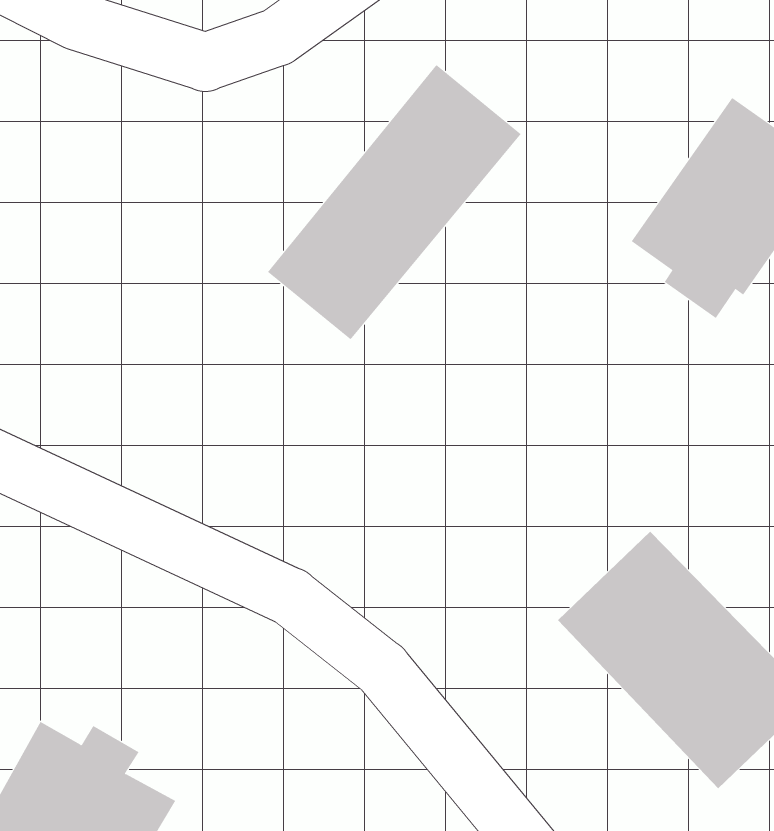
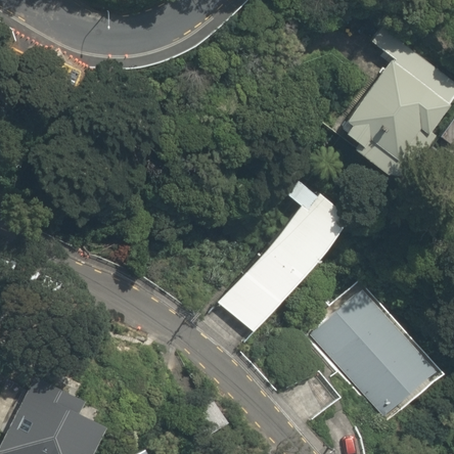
building: [267,64,522,340] -> none
building: none -> [216,172,354,334]

